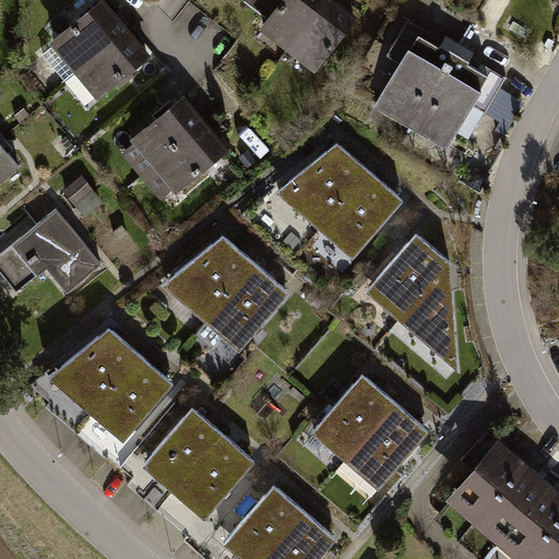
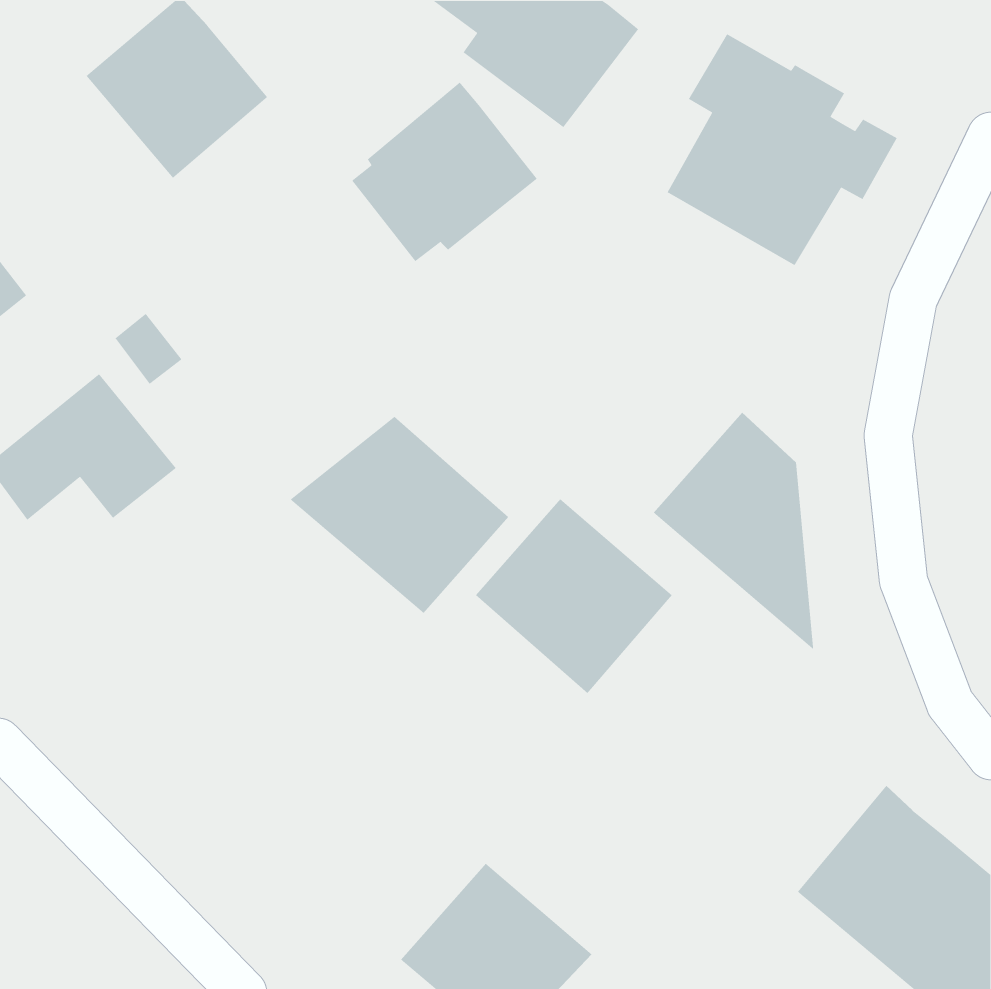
building: [122,99,227,201] -> [351,82,538,262]
building: [277,144,401,257] -> none
building: [48,329,170,439] -> none
building: [313,376,425,486] -> [475,498,673,694]
building: [143,409,251,518] -> none

